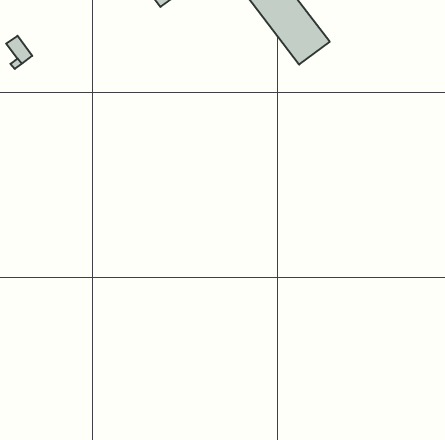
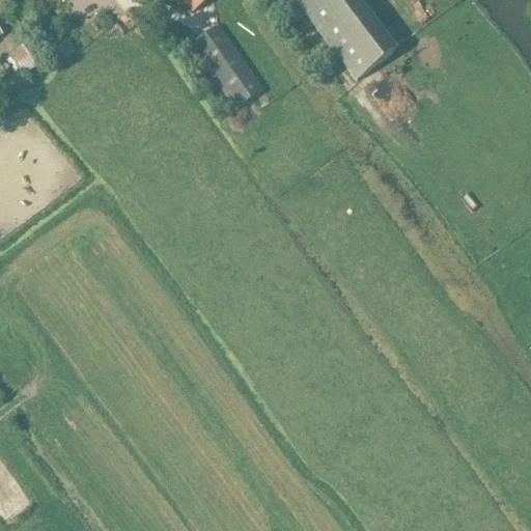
building: none -> [193,23,262,105]

